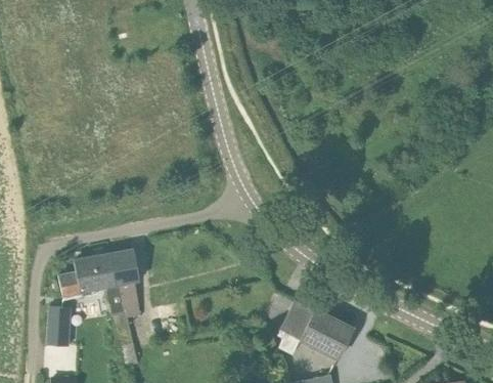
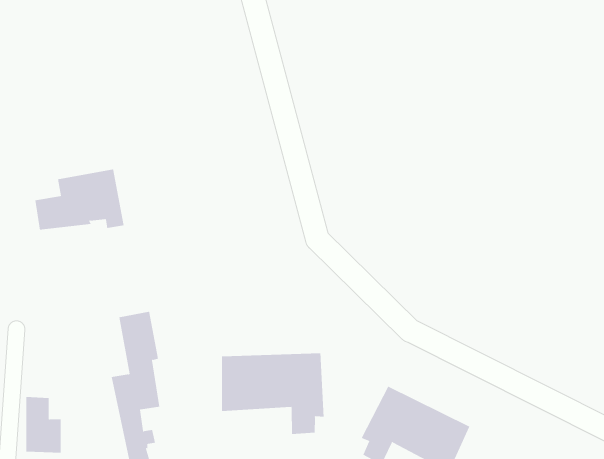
building: [57,253,119,295] -> [35,169,124,230]
building: none -> [221,353,324,435]

